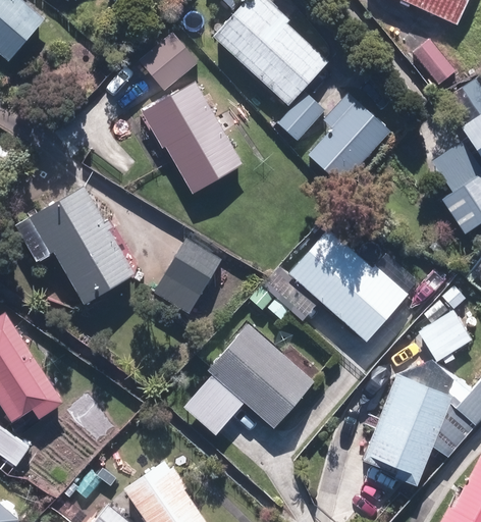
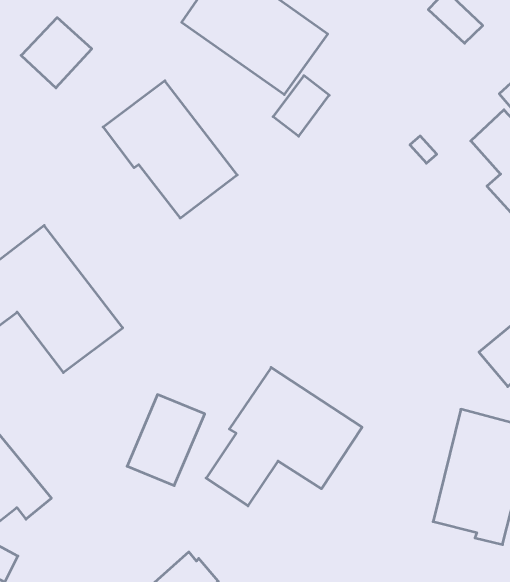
building: [141,34,198,90] -> [21,18,92,88]
building: [309,93,389,185] -> none
building: [278,229,415,348] -> none
building: [155,238,222,312] -> [127,395,205,486]

